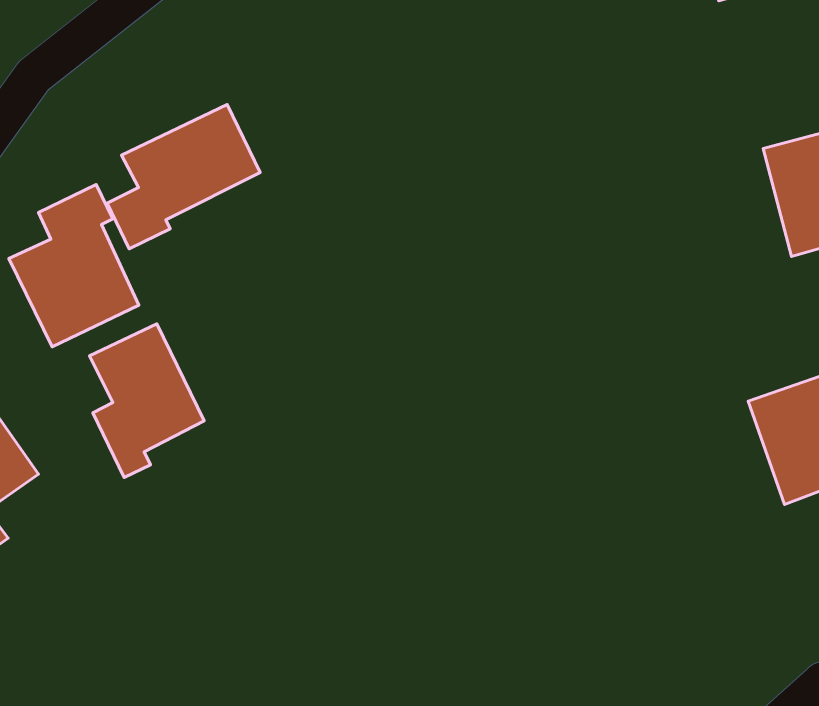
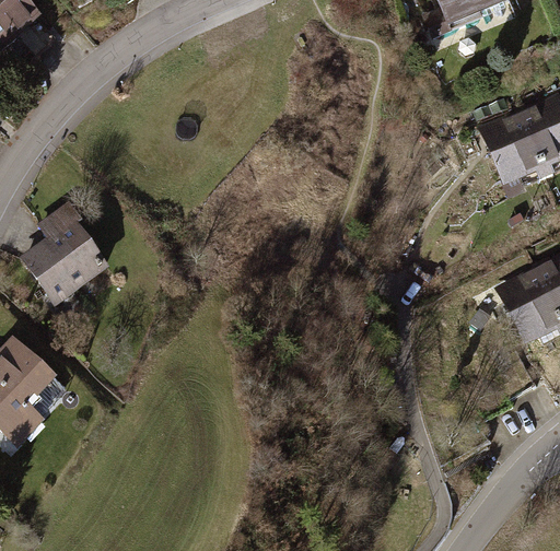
building: [107,104,260,249] -> none
building: [89,324,204,478] -> none

